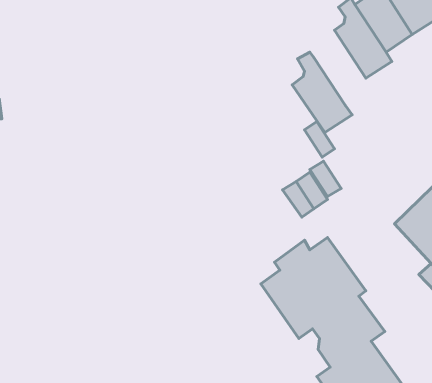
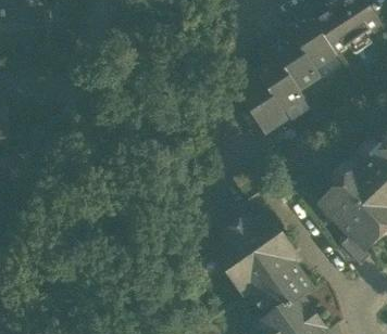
building: none -> [257,47,303,111]

